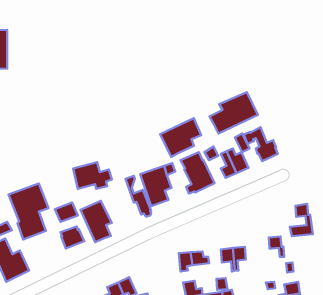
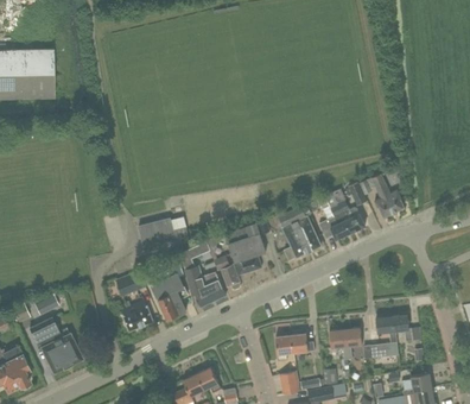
building: [210,92,258,134] -> none
building: [160,118,201,157] -> none
building: [9,183,48,239] -> none
building: none -> [185,266,226,307]
building: [290,204,313,236] -> [369,316,399,358]

